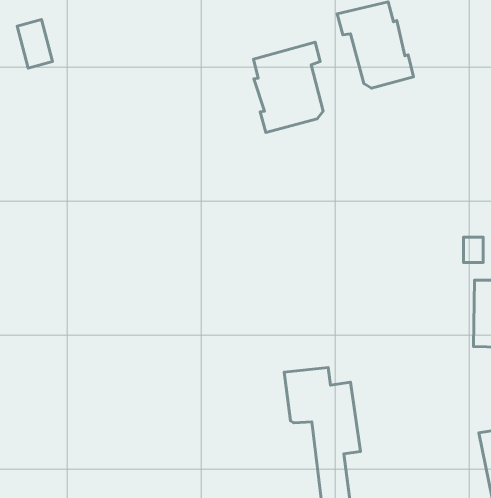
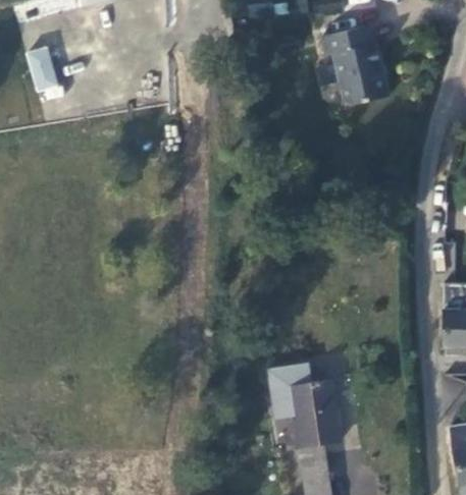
building: [254,42,323,132] -> none

